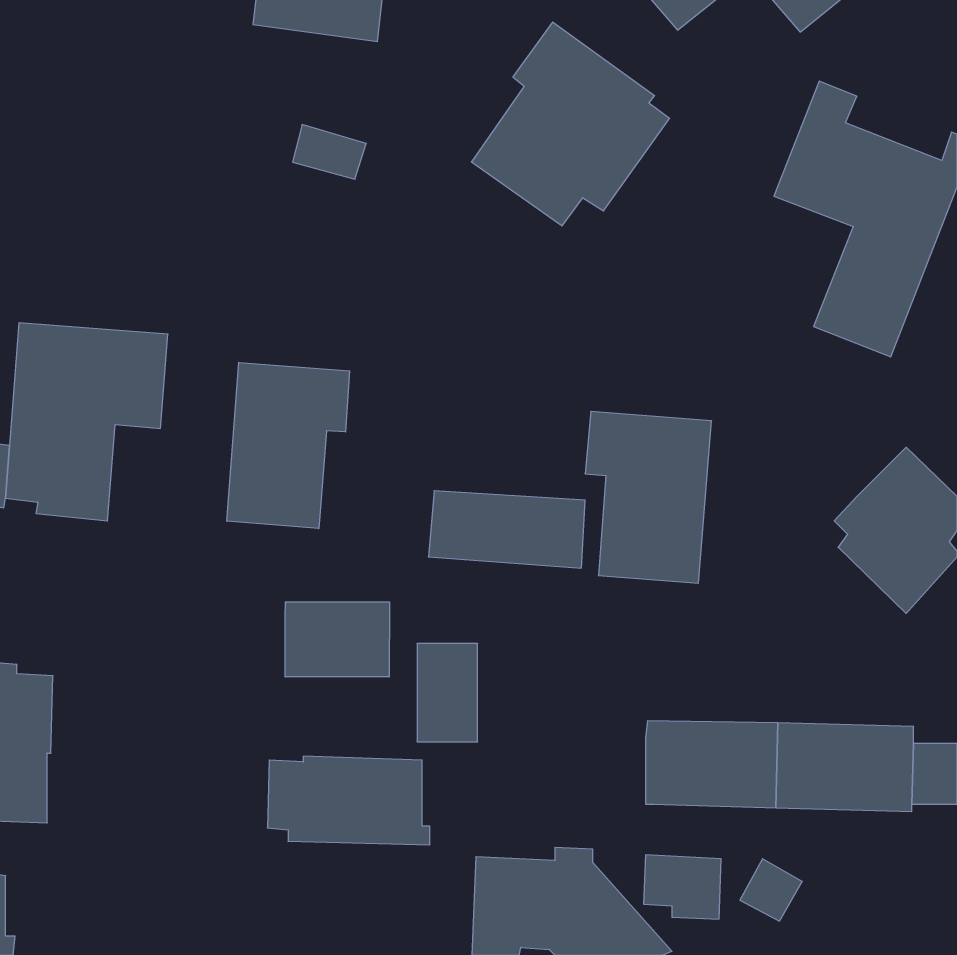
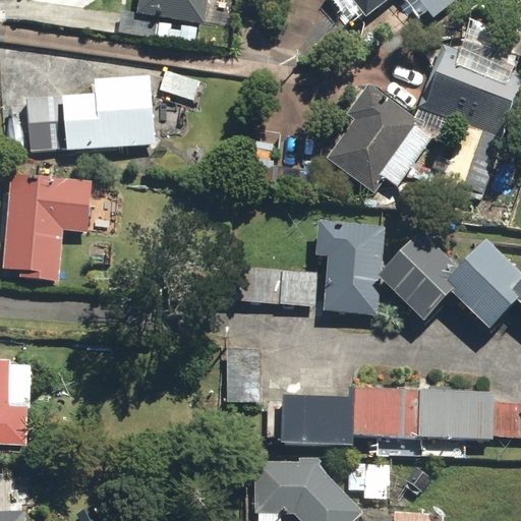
building: [471,22,670,226] -> [325,83,431,193]
building: none -> [23,75,156,151]
building: [227,362,350,529] -> none
building: none -> [380,232,462,322]
building: [285,602,389,677] -> none
building: [267,756,430,845] -> [265,396,352,444]

